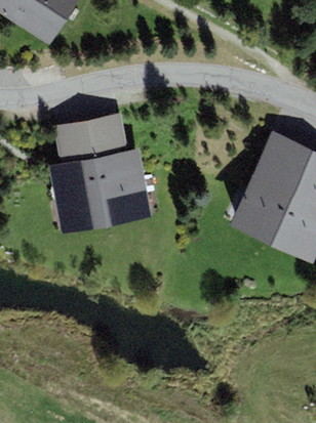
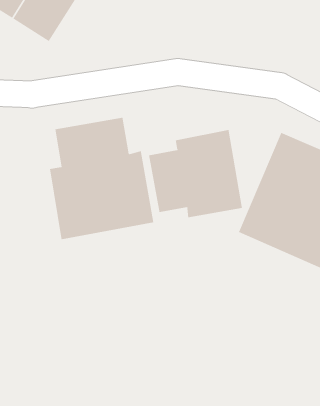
building: none -> [149,129,243,218]

